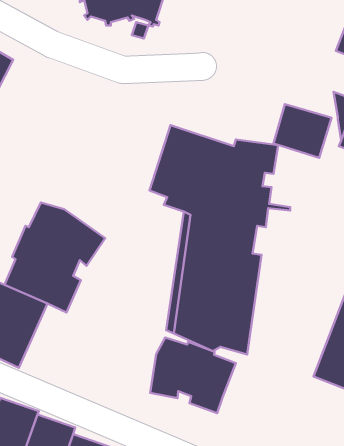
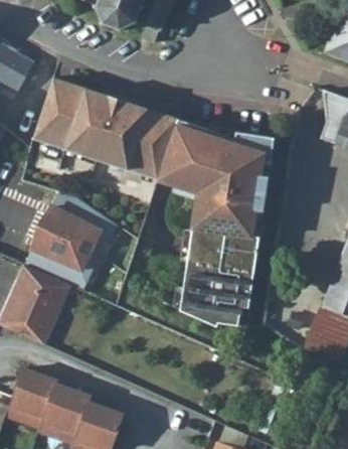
building: none -> [32,79,176,180]
building: [273,104,331,158] -> none
building: [150,337,236,413] -> none

